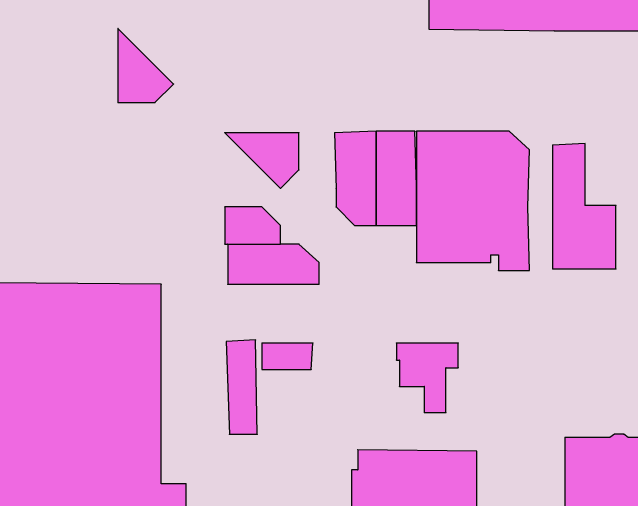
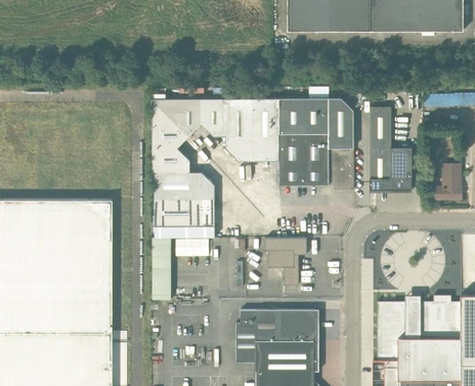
building: [118,28,174,103] -> [153,99,189,148]
building: none -> [202,99,226,136]
building: none -> [155,200,215,226]

